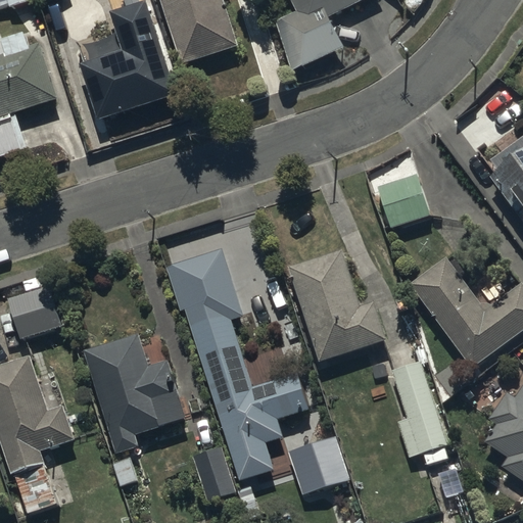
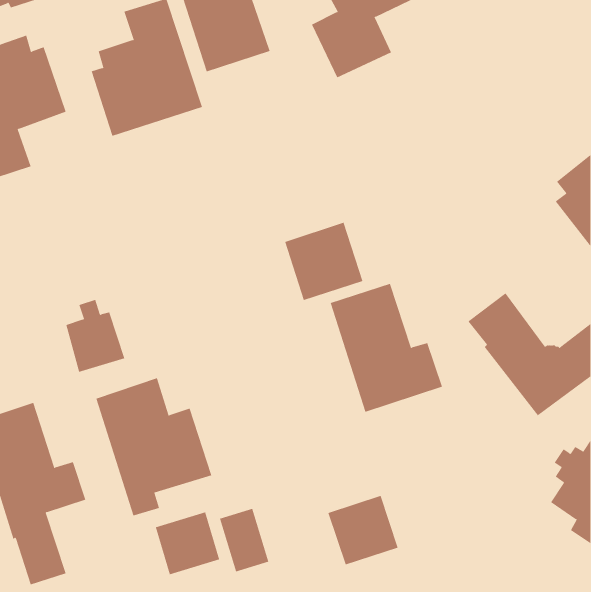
building: [375,173,429,228] -> none
building: none -> [285,222,363,301]
building: [165,249,311,481] -> none
building: [9,274,61,338] -> [66,299,125,373]
building: [391,360,446,464] -> none
building: none -> [155,512,220,575]

